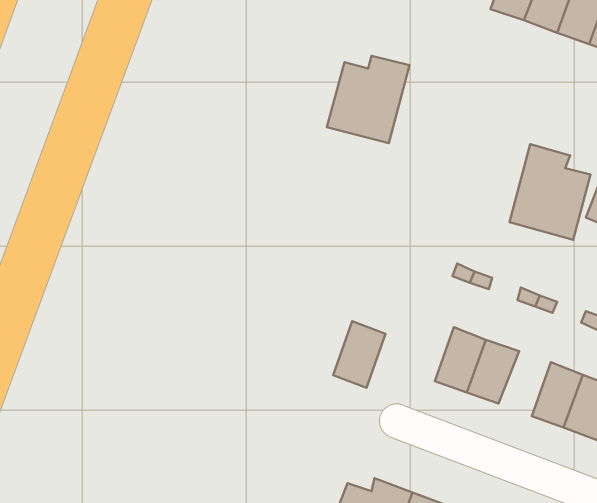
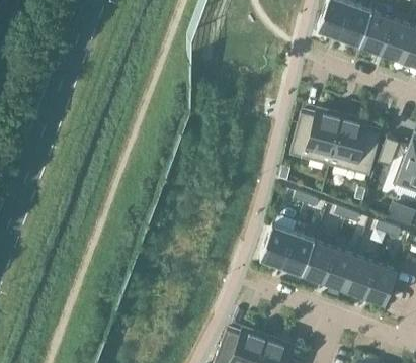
building: [327,56,410,143] -> [289,110,342,166]
building: [333,321,386,388] -> [260,224,294,267]
building: none -> [322,248,355,289]

